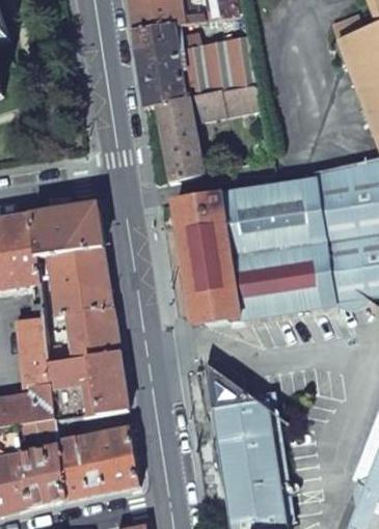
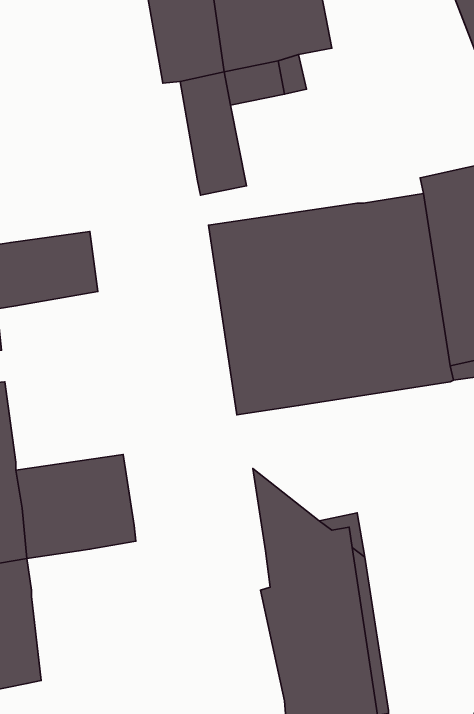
building: [48,244,118,361] -> none
building: [58,426,139,499] -> none

